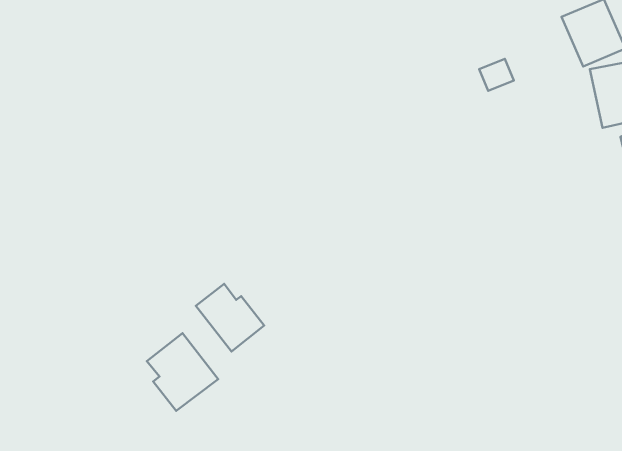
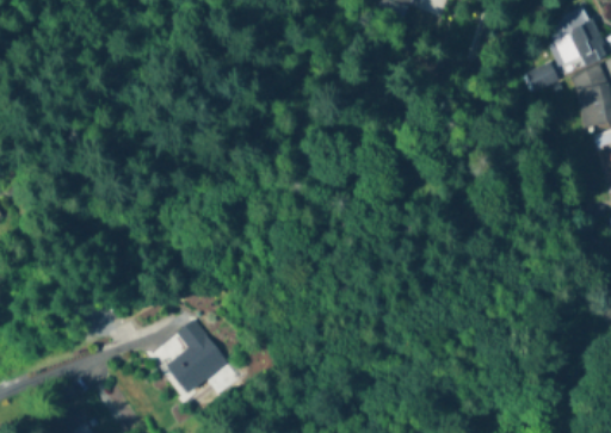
building: [479,59,514,91] -> [526,63,558,93]
building: [196,284,264,352] -> none

